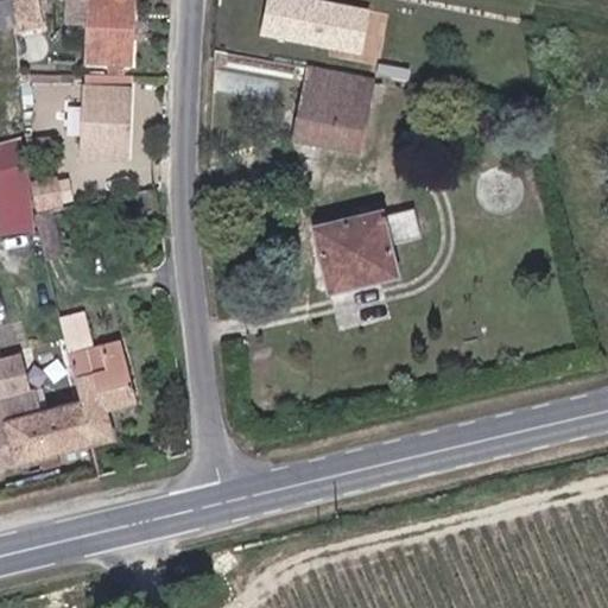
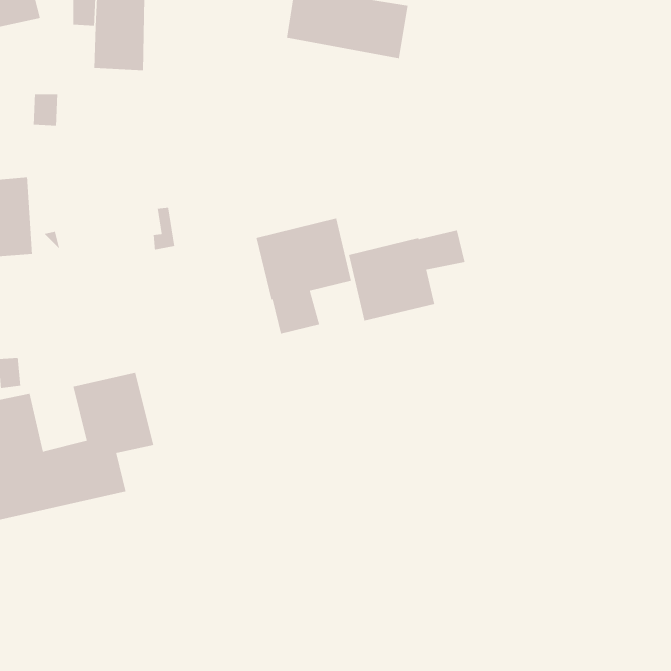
building: [289,65,373,151] -> none
building: [80,72,128,159] -> none
building: none -> [256,218,352,334]

